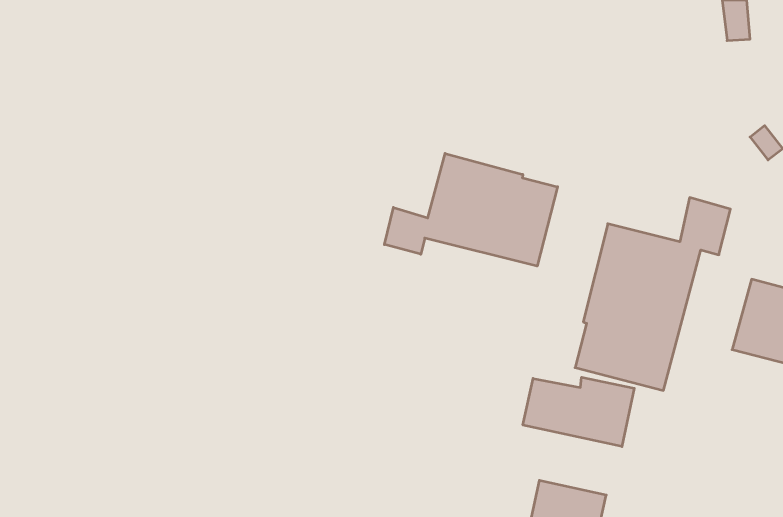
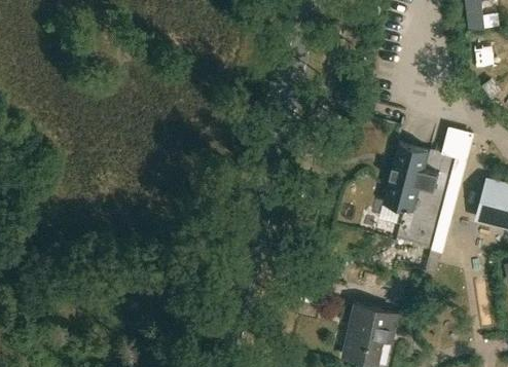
building: [384,153,558,266] -> none
building: [523,377,634,447] -> none

